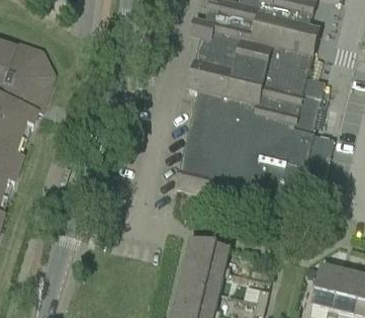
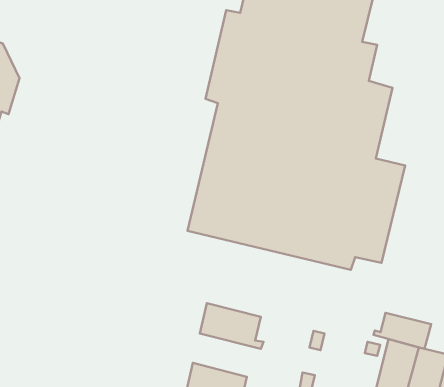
building: none -> [374,313,431,349]
building: [179,258,229,290] -> none

